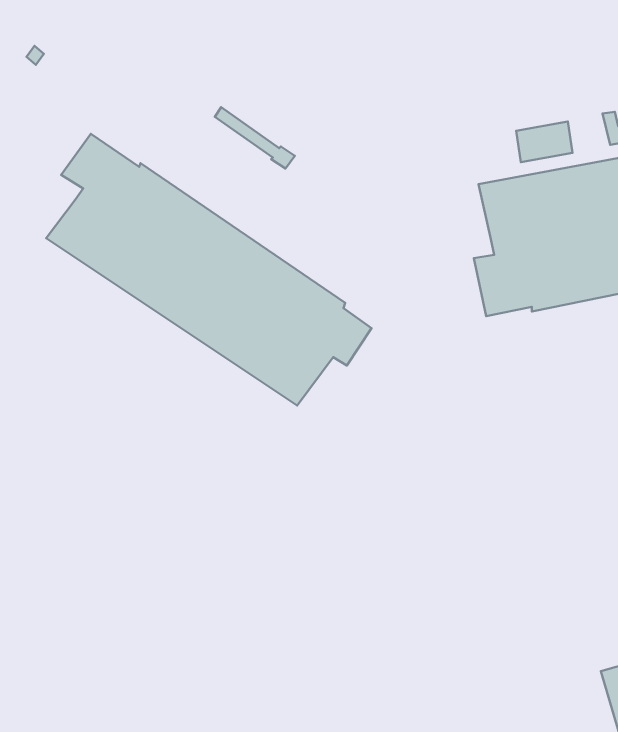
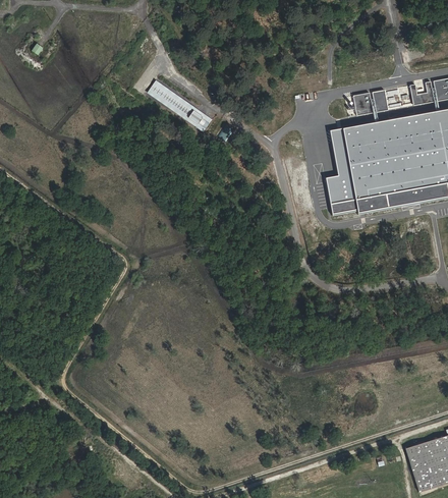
building: [46,134,371,405] -> none

